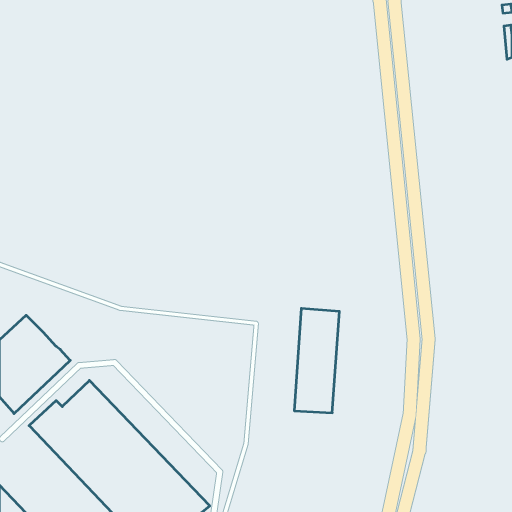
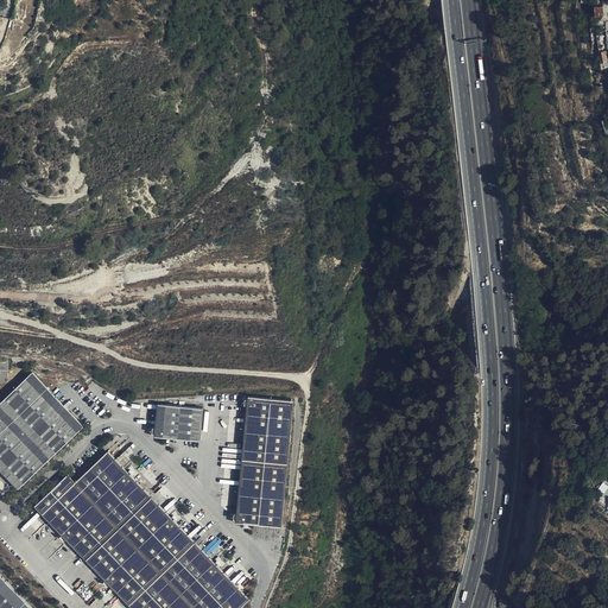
building: [294,308,339,413] -> [236,401,290,525]
building: none -> [154,403,202,441]

